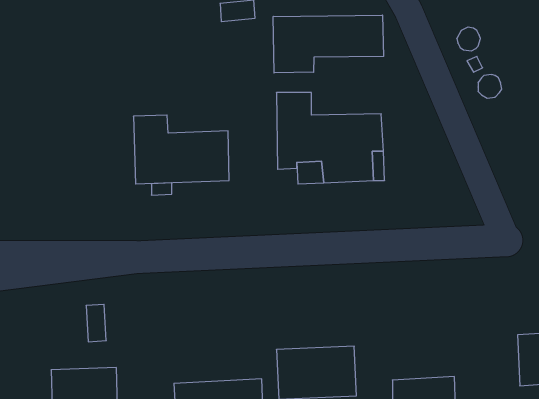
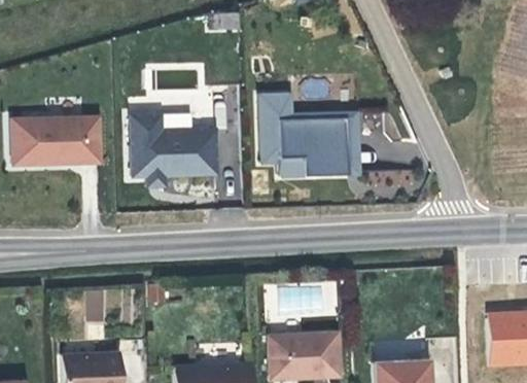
building: [273,15,384,73] -> none
building: none -> [14,118,102,167]

